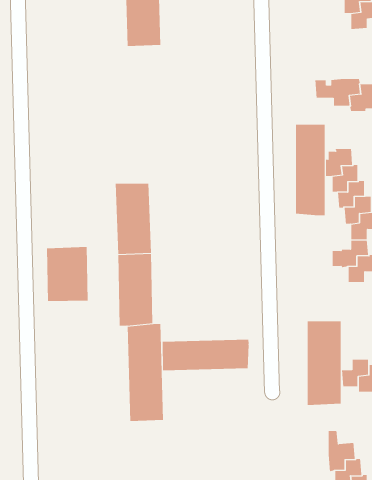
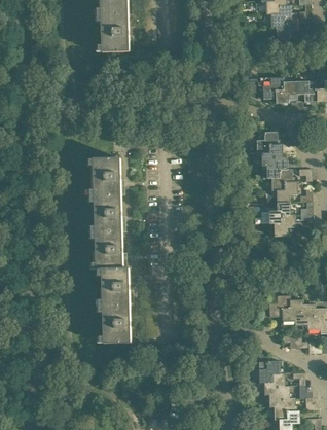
building: [295,124,325,216] -> none
building: [47,246,88,302] -> none
building: [307,320,341,406] -> none
building: [162,339,249,371] -> none

